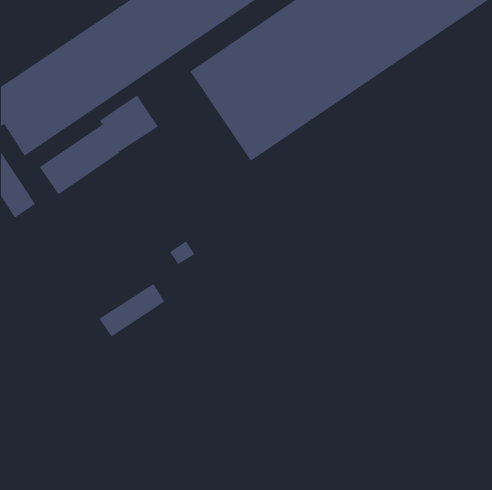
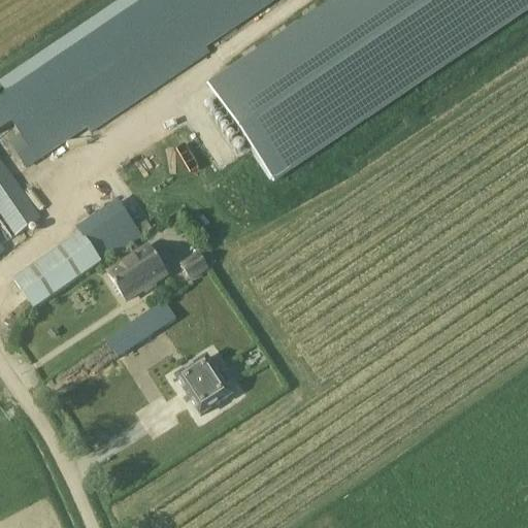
building: [39,95,159,195] -> [15,200,143,307]
building: none -> [109,244,169,299]
building: none -> [180,354,229,407]

